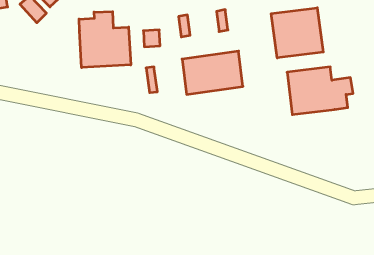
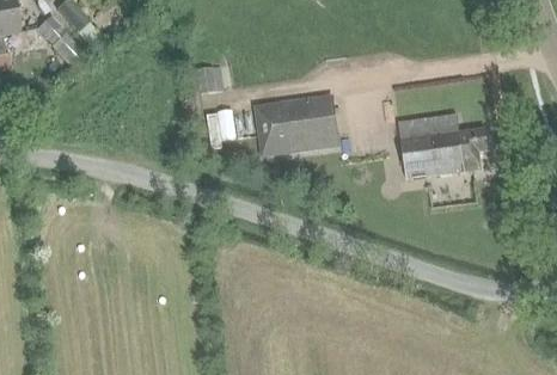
building: [271,8,323,58] -> none
building: [79,12,131,68] -> none

